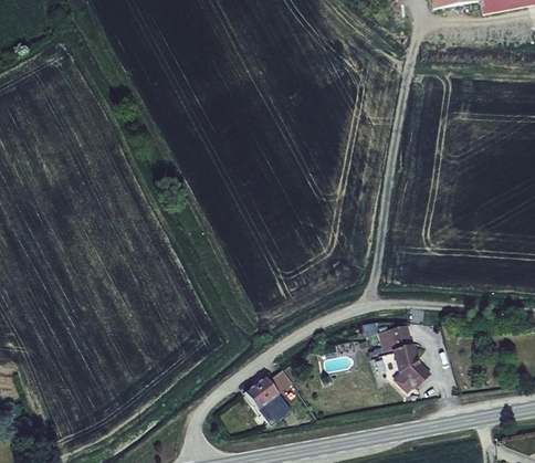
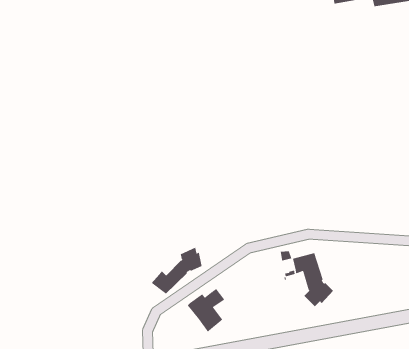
building: none -> [151,247,202,295]

